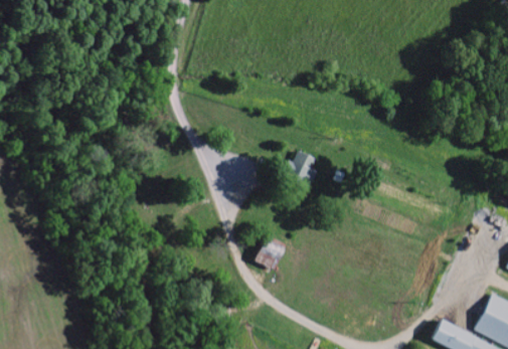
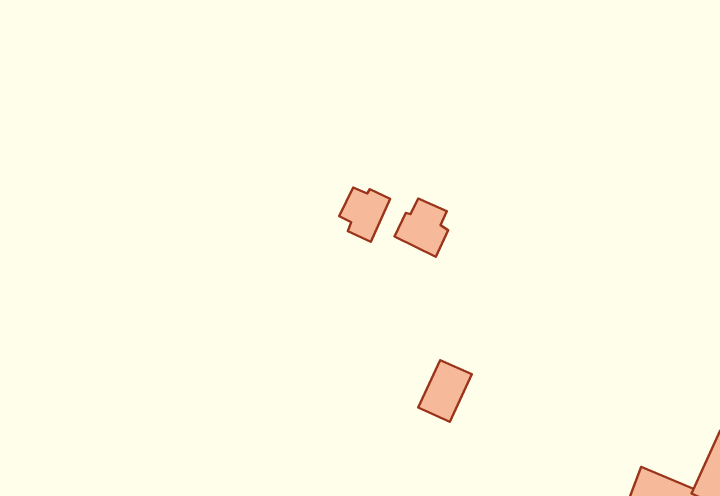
building: none -> [339,188,390,242]
building: [252,233,287,273] -> [418,360,472,422]

